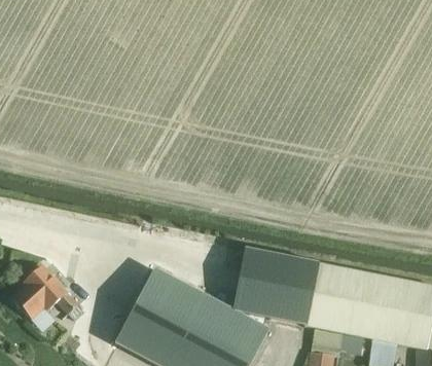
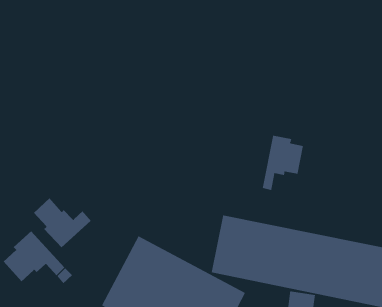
building: none -> [262,135,304,191]
building: none -> [33,198,91,248]

